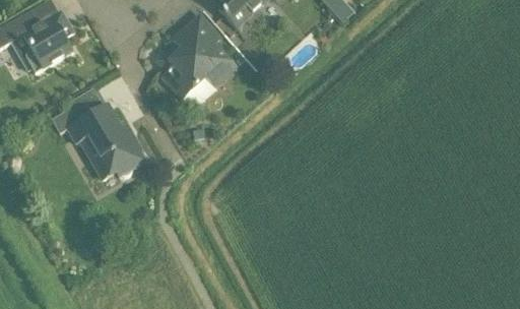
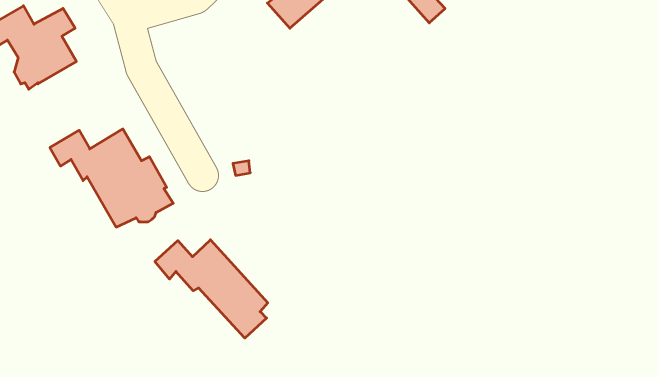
building: [154,12,239,92] -> none
building: none -> [155,240,268,338]

